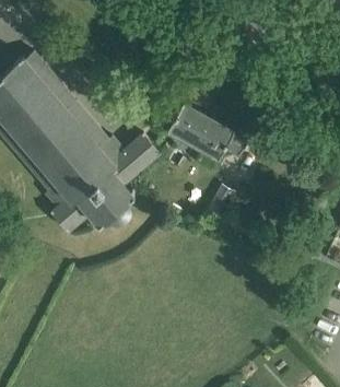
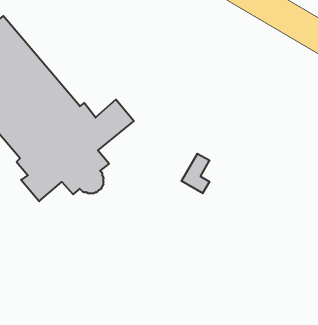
building: [168,103,250,159] -> none

